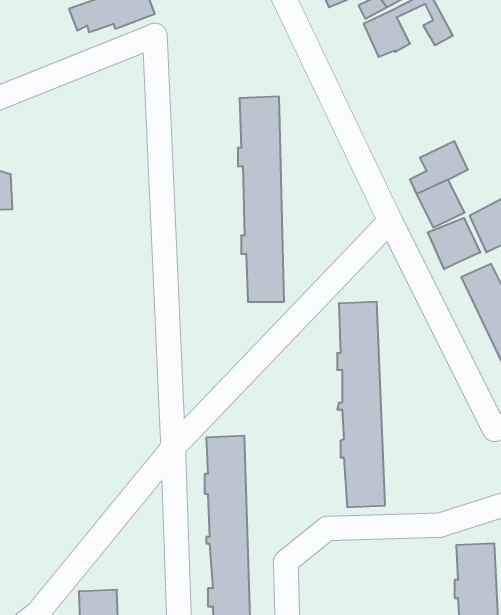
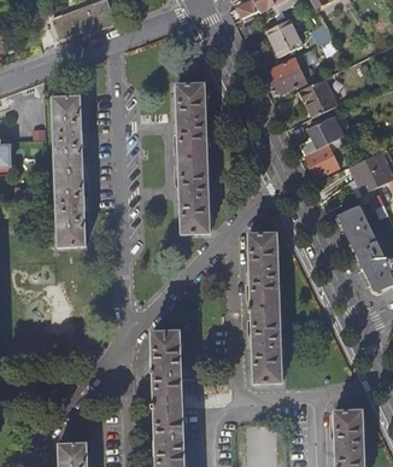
building: none -> [269,57,305,93]
building: none -> [300,78,335,117]
building: none -> [53,97,87,246]
building: [428,218,480,269] -> none

